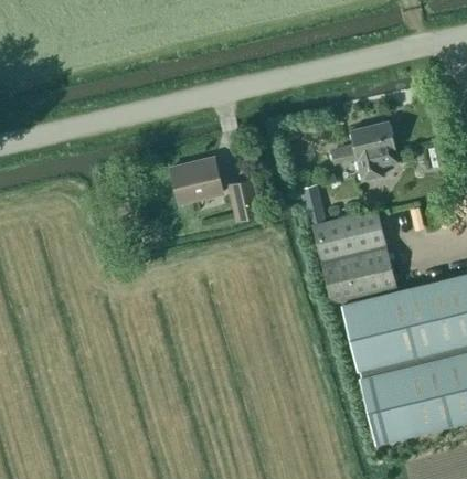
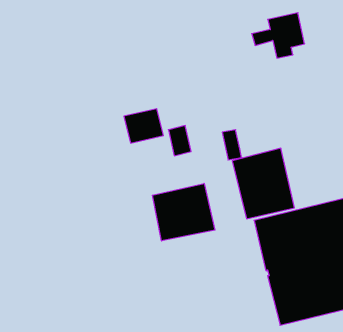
building: [328,121,397,181] -> [252,13,305,58]
building: none -> [152,183,215,241]

